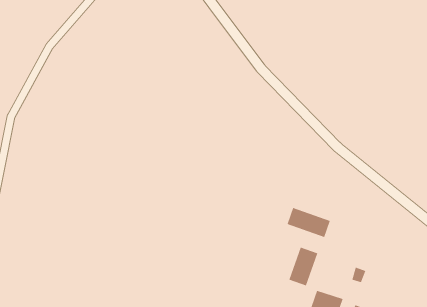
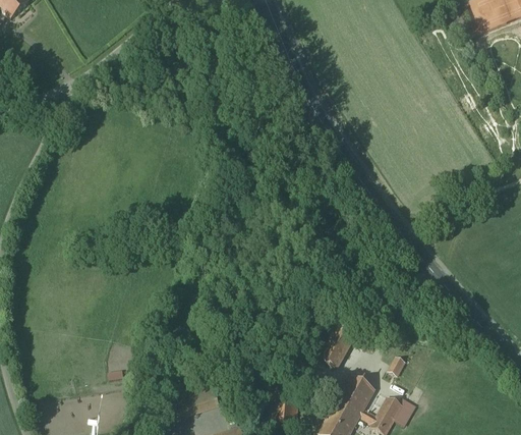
building: [287,207,330,238] -> none

